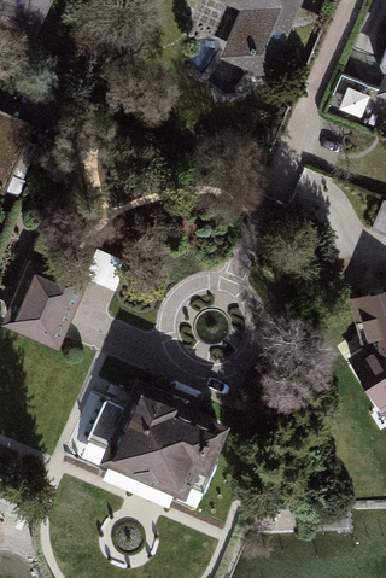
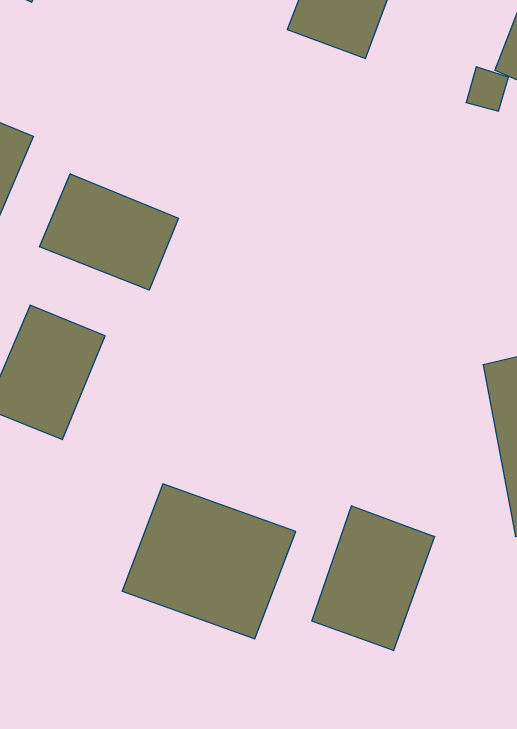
building: none -> [40,174,179,290]
building: none -> [312,506,435,651]

